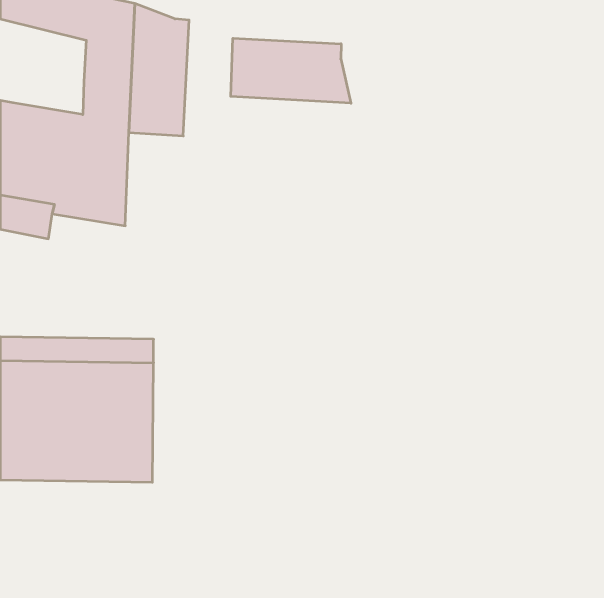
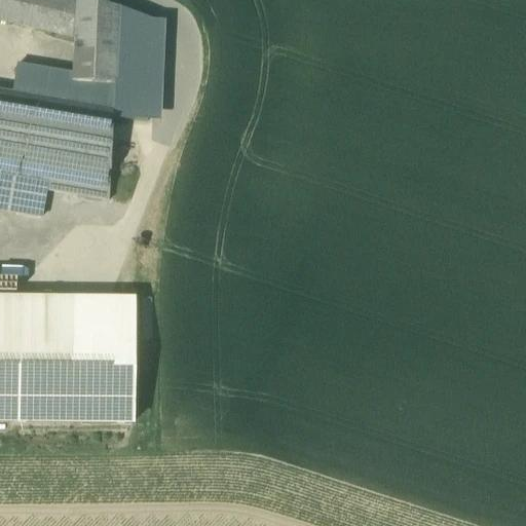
building: [231,38,351,103] -> none
building: none -> [11,62,73,100]

